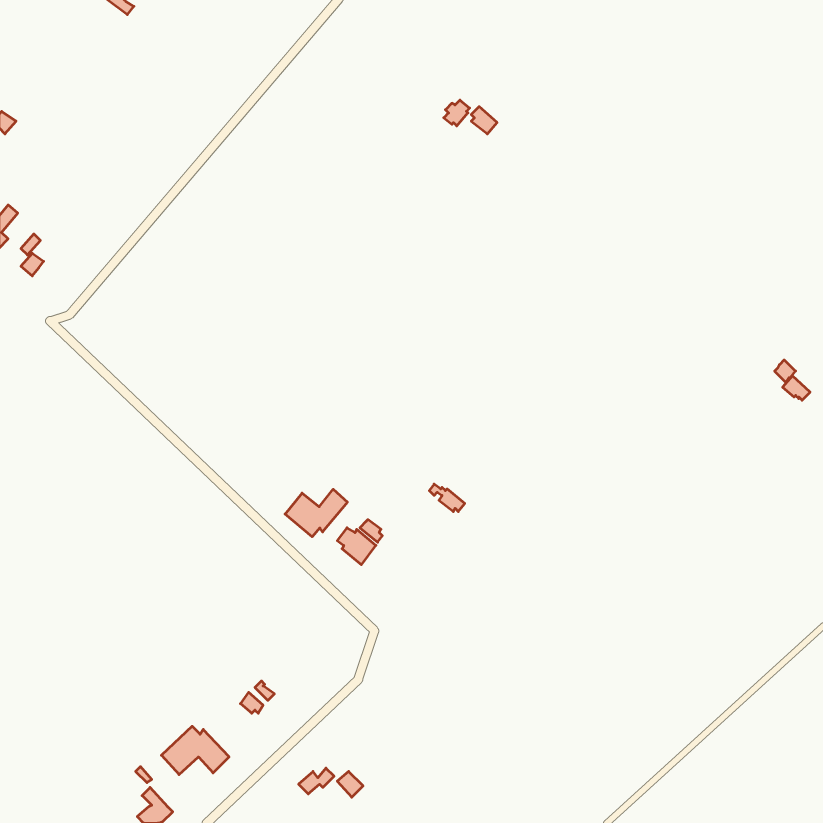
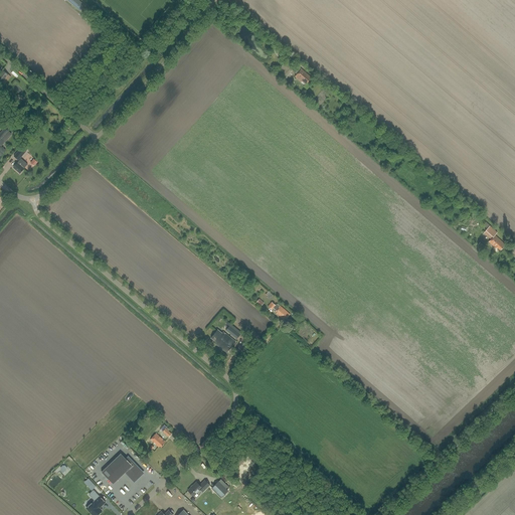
building: [285,489,347,537] -> none

